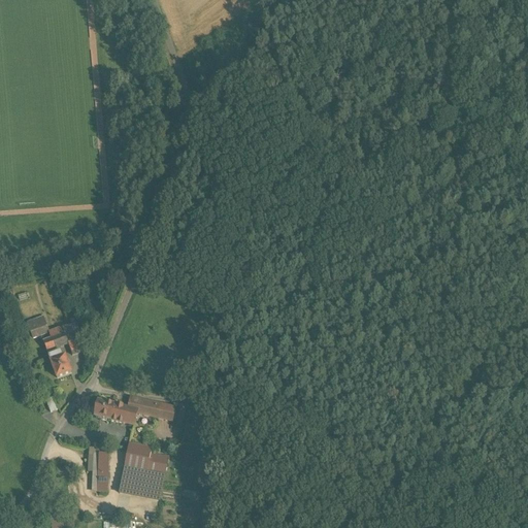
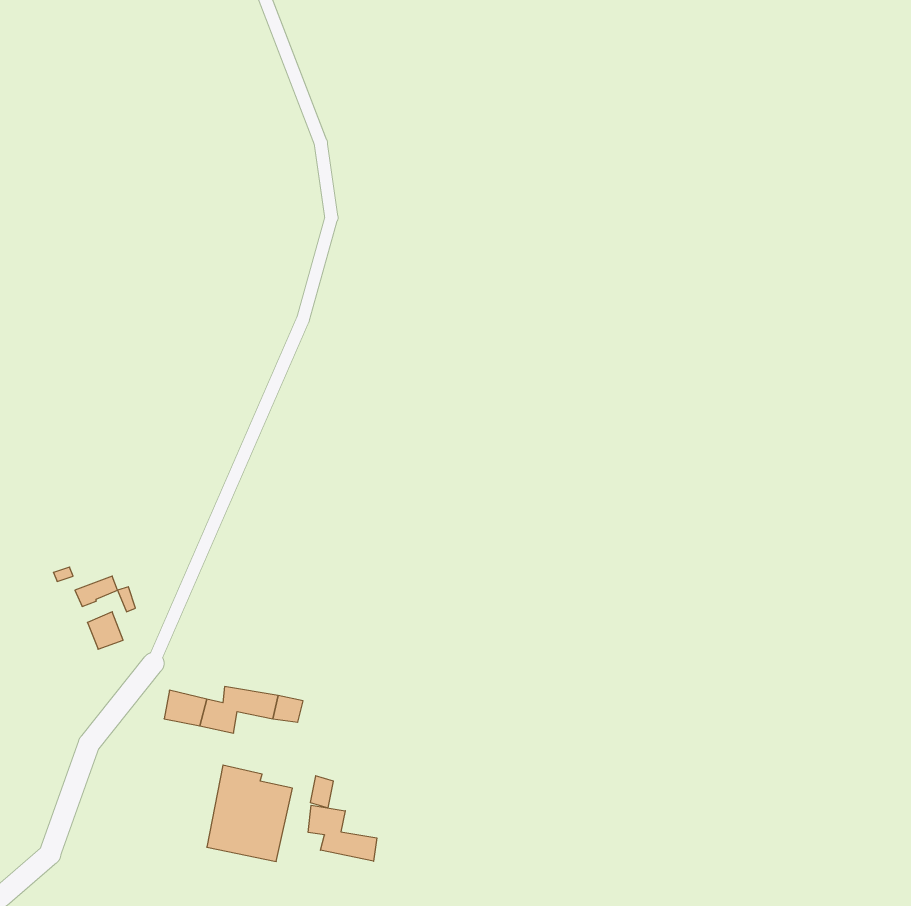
building: [87,446,109,489] -> none
building: none -> [308,805,377,861]

